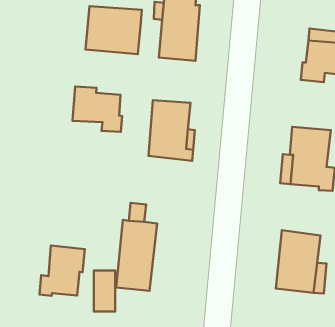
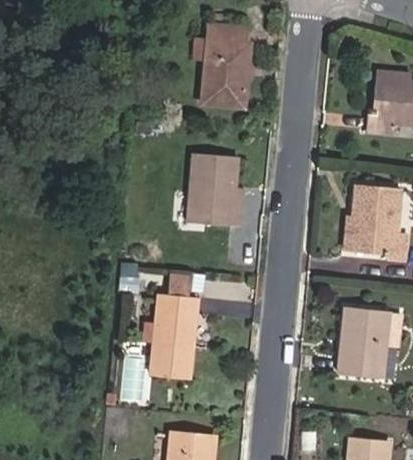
building: [86,6,142,54] -> none
building: [72,86,122,132] -> none
building: [40,246,85,296] -> none

